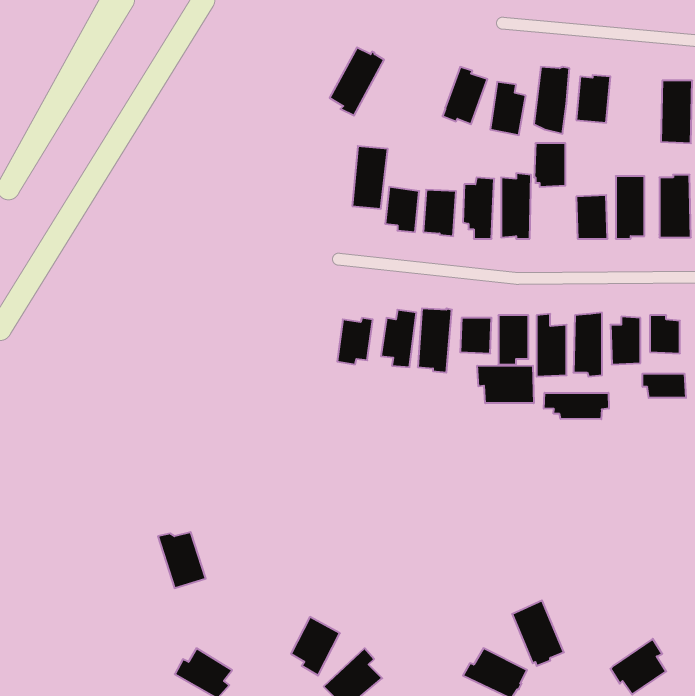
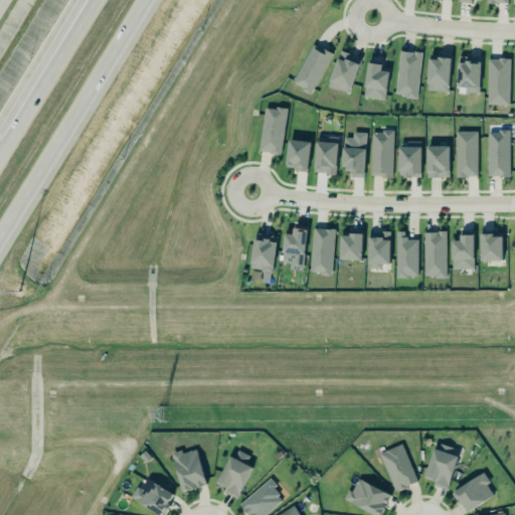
building: [330,47,384,116] -> [293,44,333,95]
building: none -> [458,55,481,93]
building: [534,143,565,187] -> [398,146,421,178]
building: [477,366,534,403] -> none
building: [643,374,686,398] -> none
building: [544,393,609,419] -> none
building: [158,532,206,588] -> [172,451,207,492]
building: none -> [423,449,458,490]

